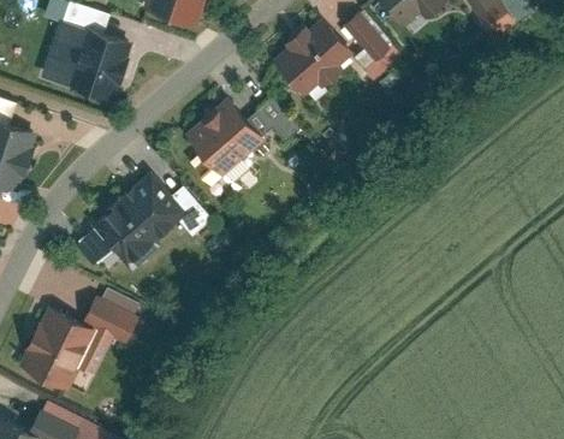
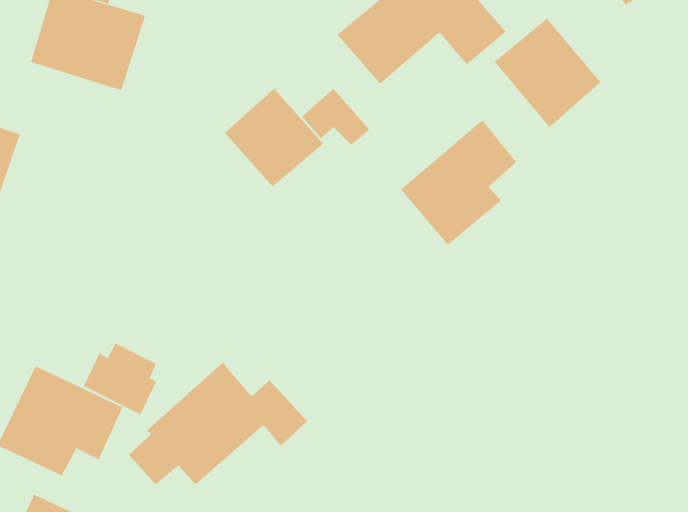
building: none -> [494,18,601,128]
building: none -> [400,120,517,246]
building: [77,173,212,266] -> [128,362,308,485]

